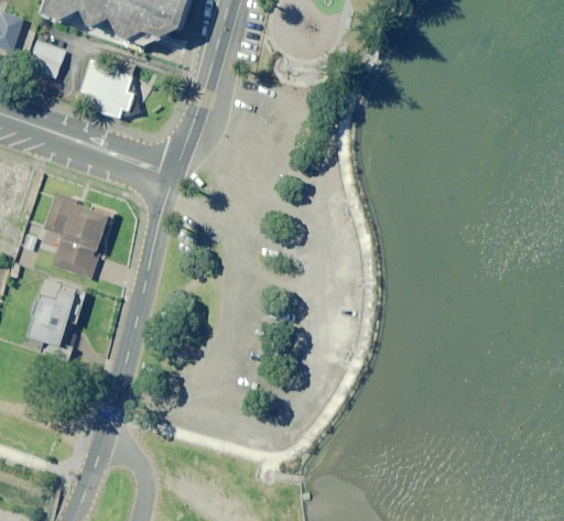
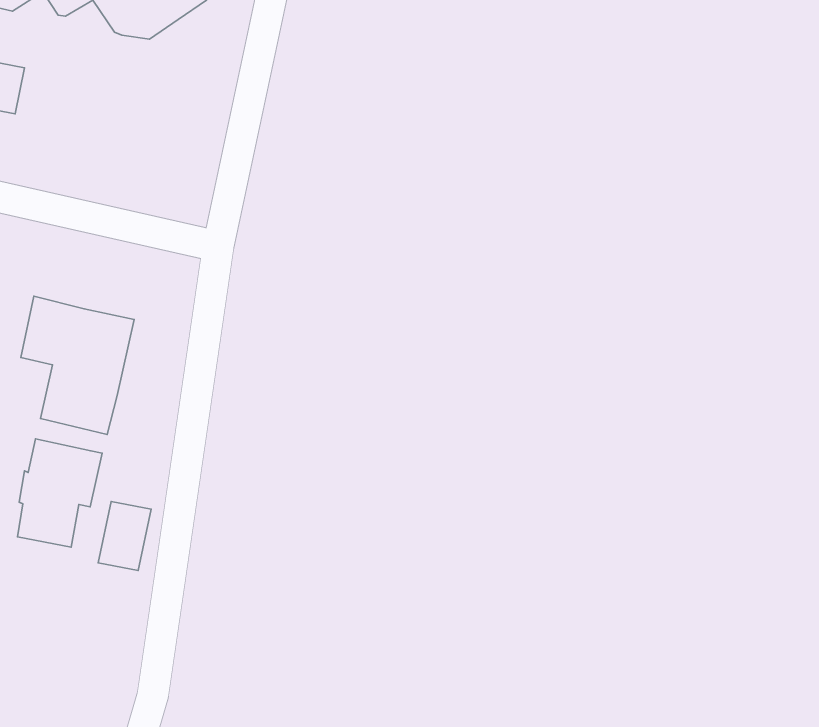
building: [75,62,133,119] -> none
building: none -> [98,501,151,571]

